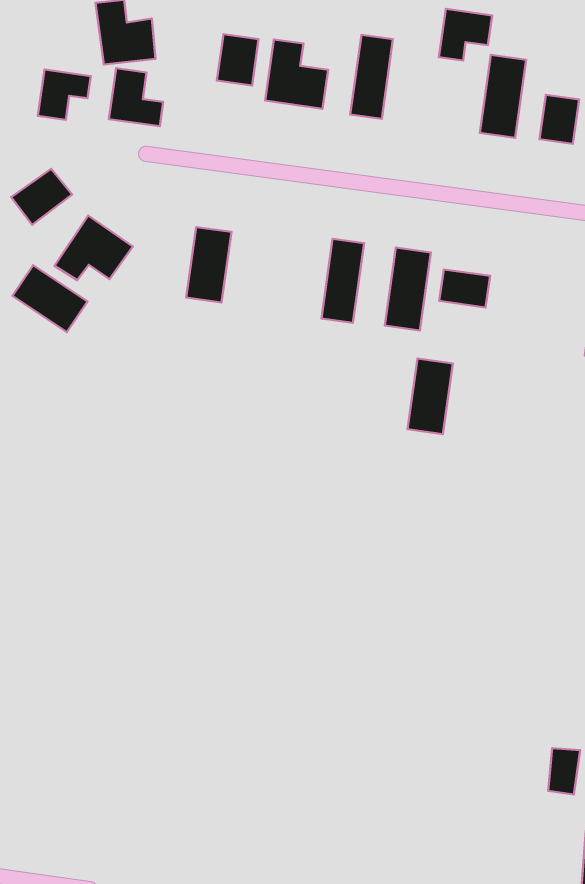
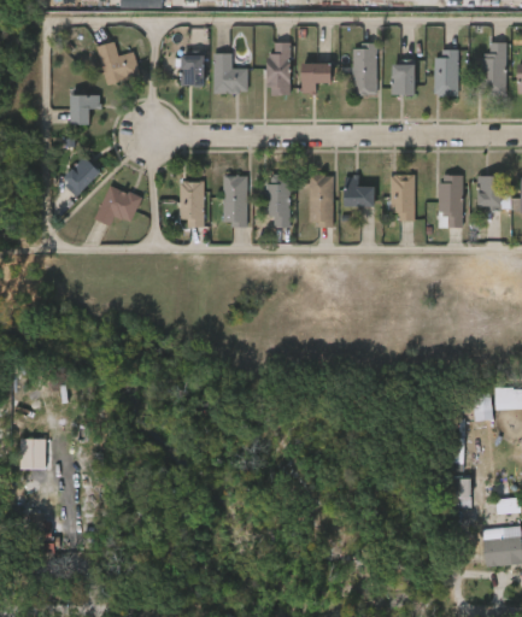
building: [439,9,492,61] -> [300,61,330,93]
building: [109,68,163,126] -> none
building: none -> [223,175,247,225]
building: [13,265,87,332] -> none
building: [408,359,453,434] -> [392,174,415,219]

